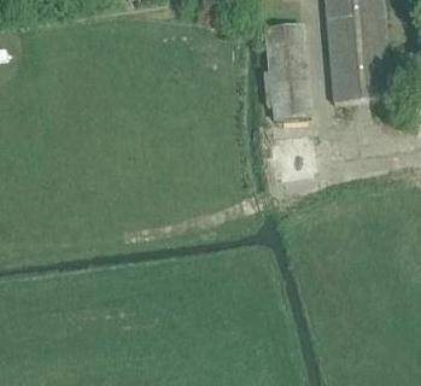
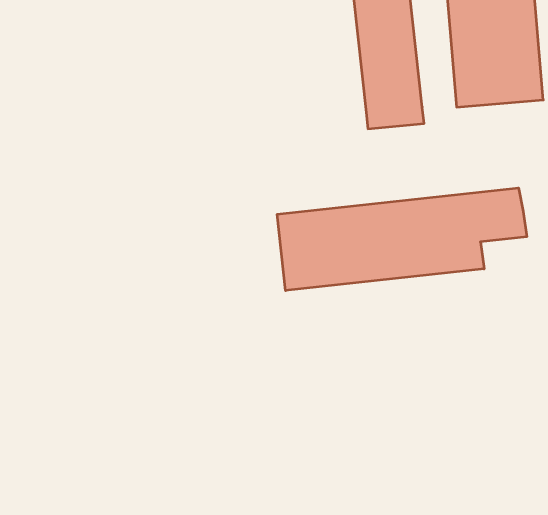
building: none -> [277,188,527,291]

